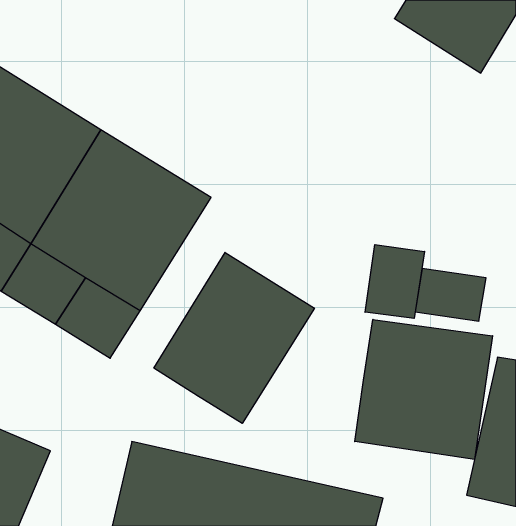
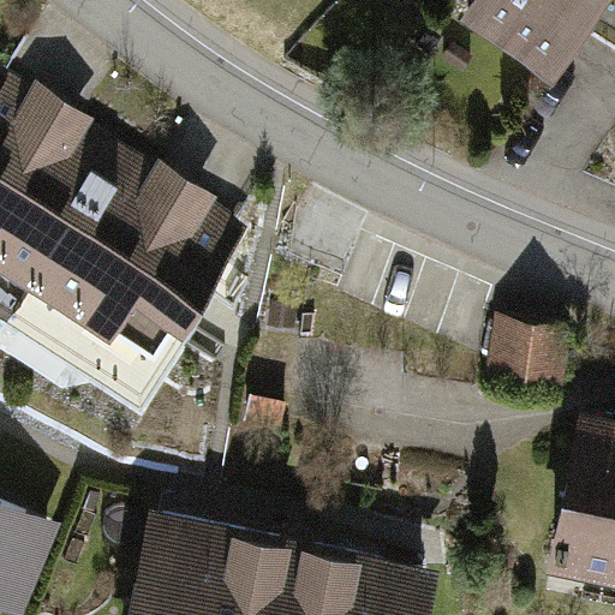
building: [365,245,425,318] -> none
building: [154,252,314,423] -> none
building: [355,319,493,459] -> none

